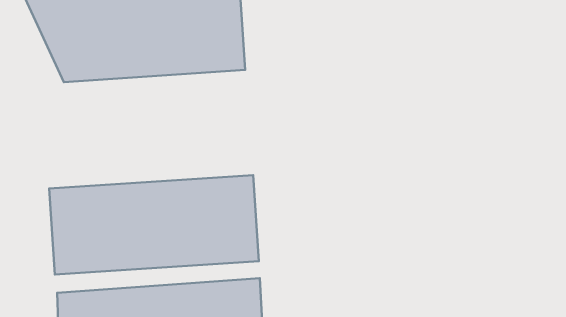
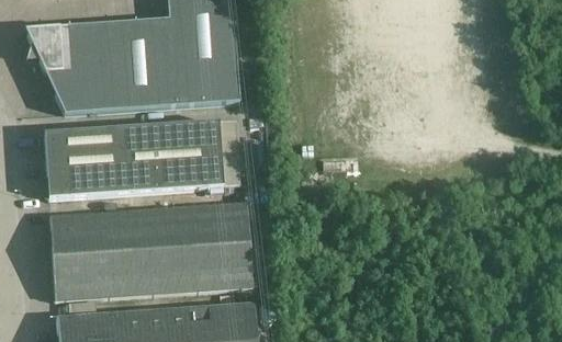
building: none -> [44,119,240,197]

